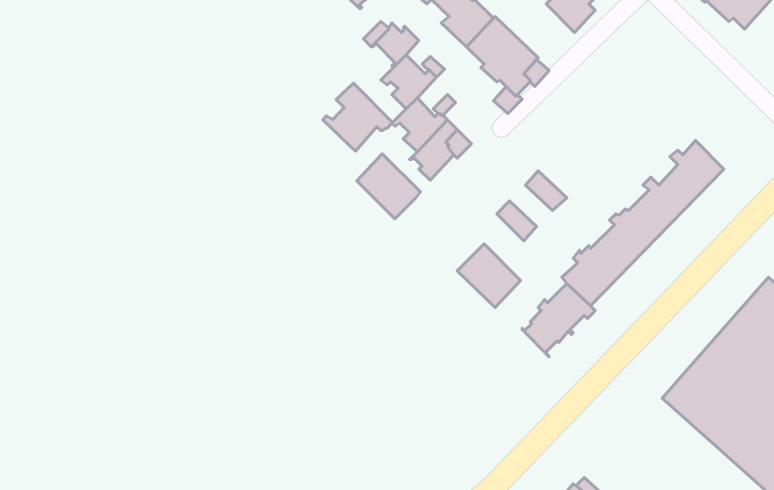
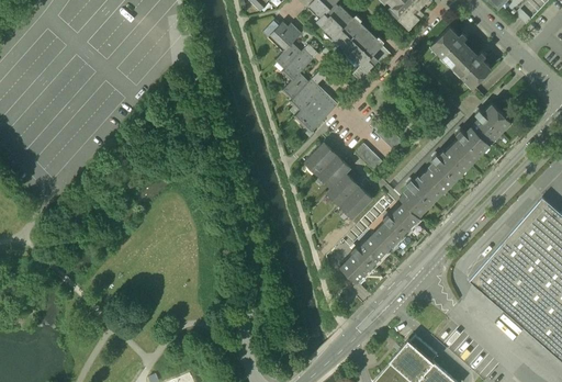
building: none -> [430,26,492,88]
building: [323,83,393,151] -> none
building: [357,154,420,219] -> [305,143,349,188]
building: none -> [339,233,391,282]

